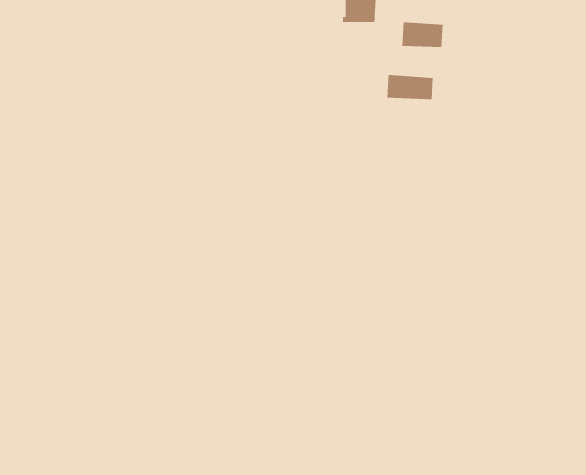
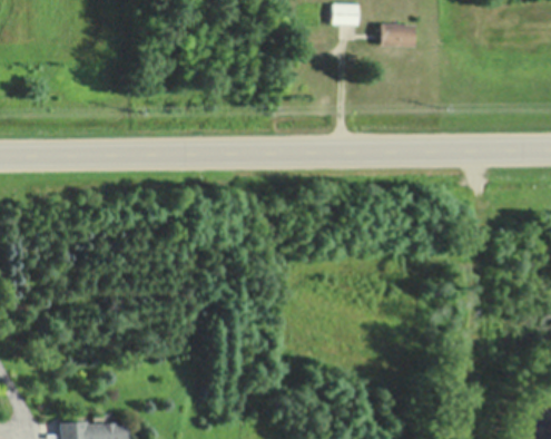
building: [387,74,434,100] -> none

